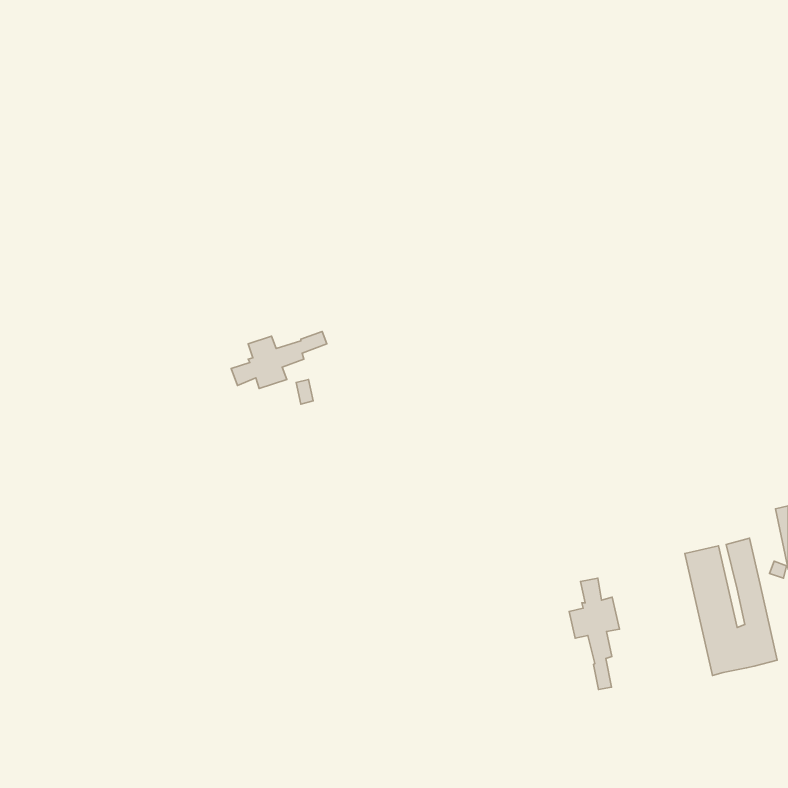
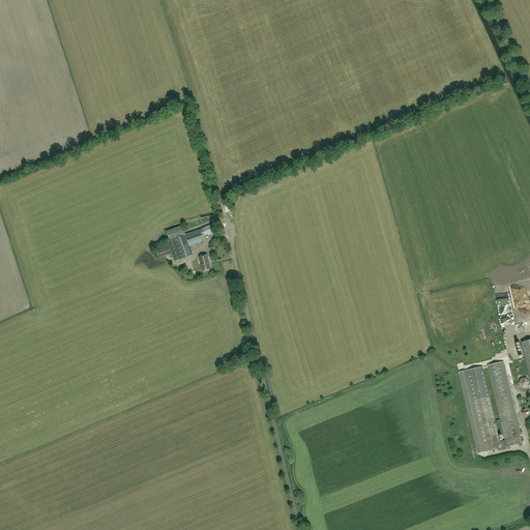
building: [569,578,619,690] -> none

